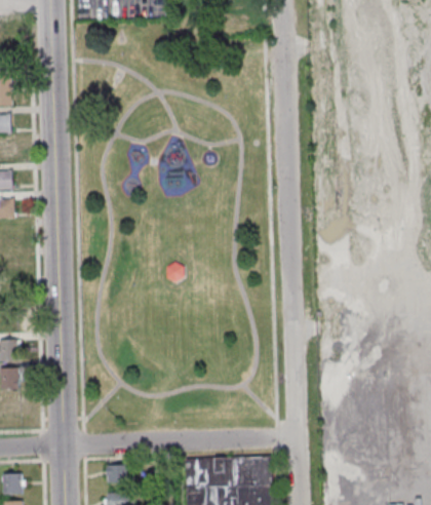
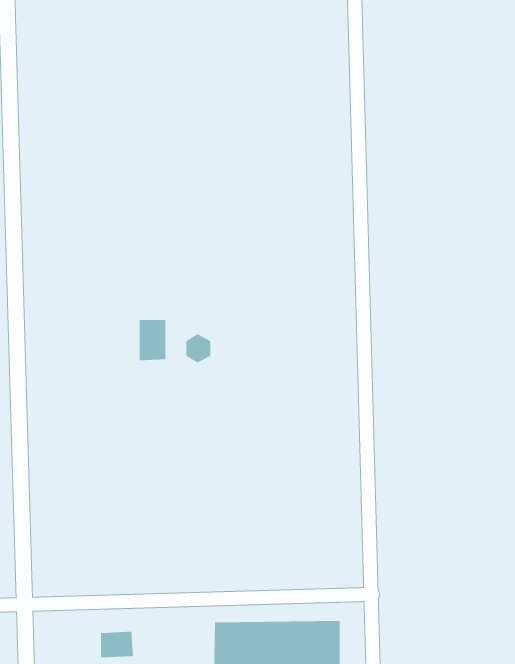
building: none -> [139,319,166,361]

